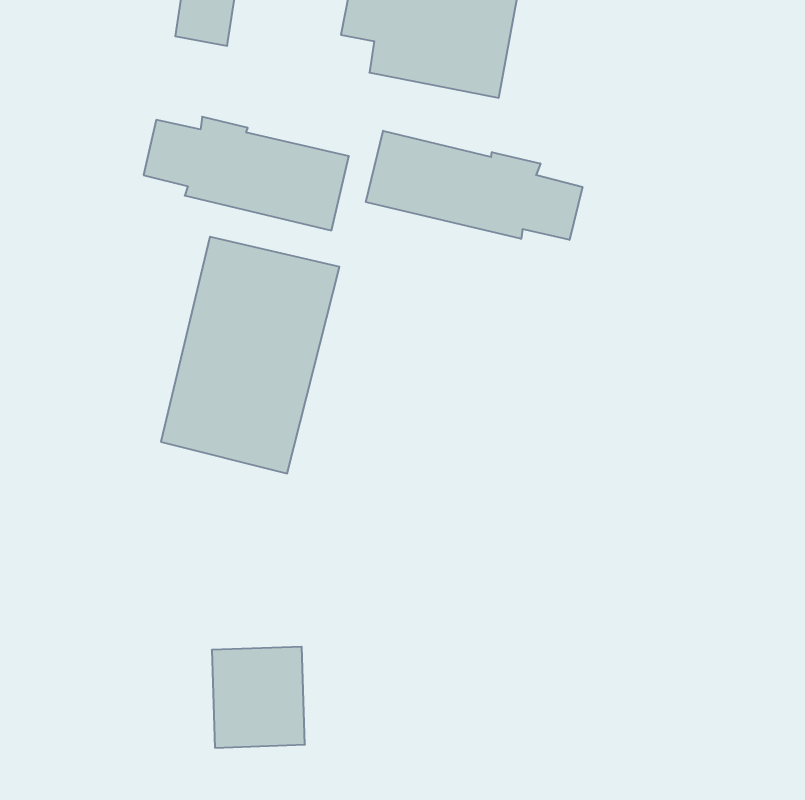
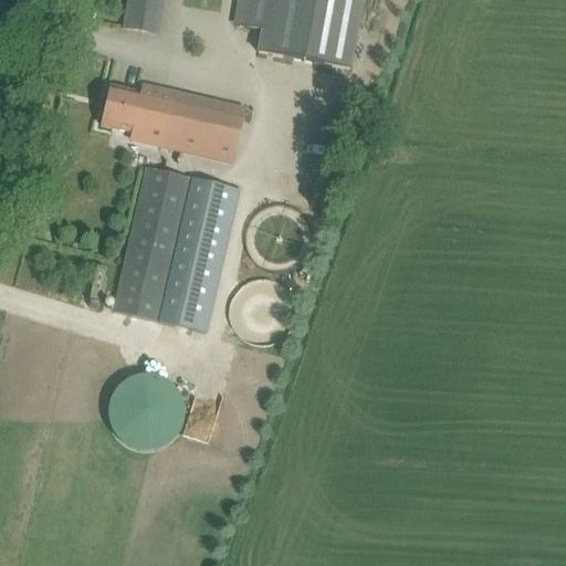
building: [366,131,582,240] -> none
building: [212,647,305,748] -> [108,375,174,446]

